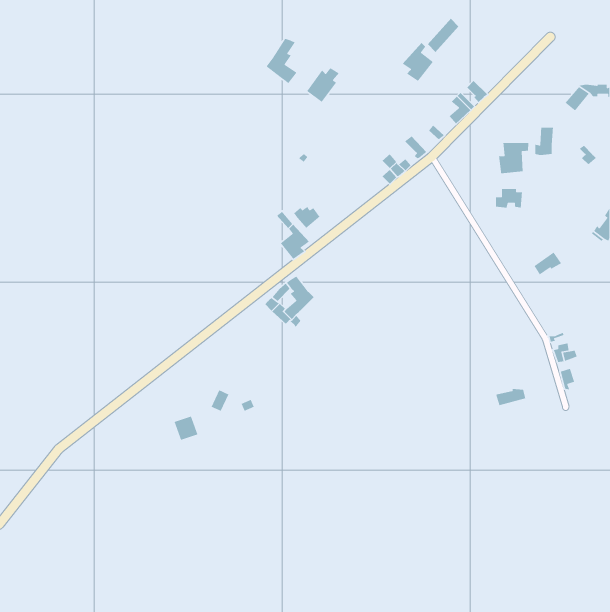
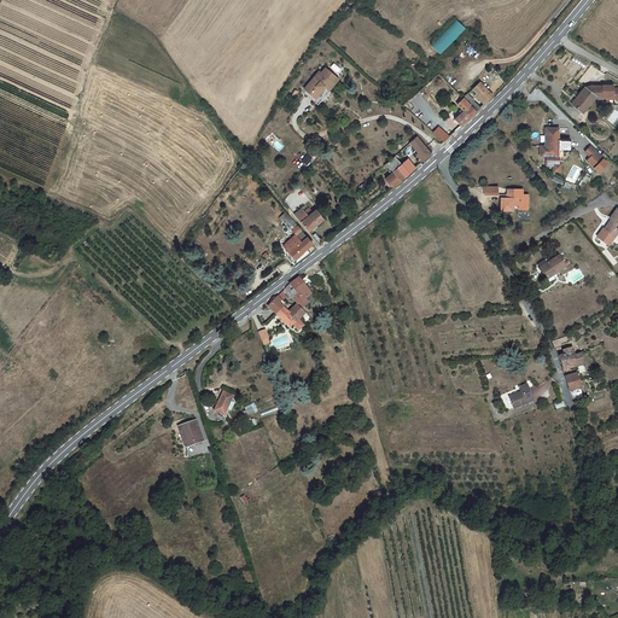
building: [266,38,298,84] -> none
building: [402,42,434,82] -> none
building: [498,142,529,174] -> none

